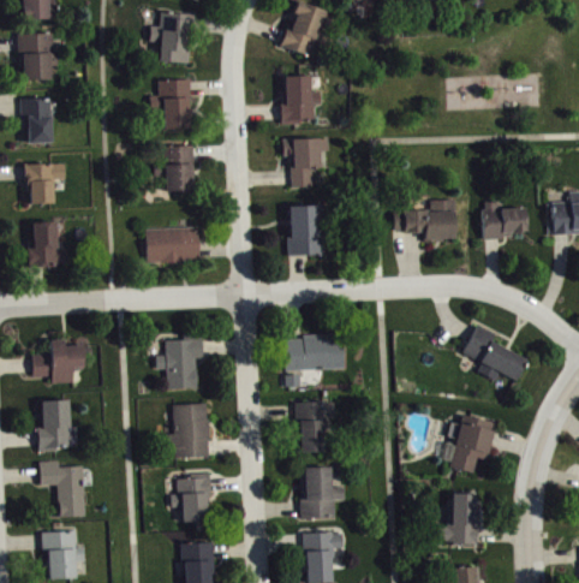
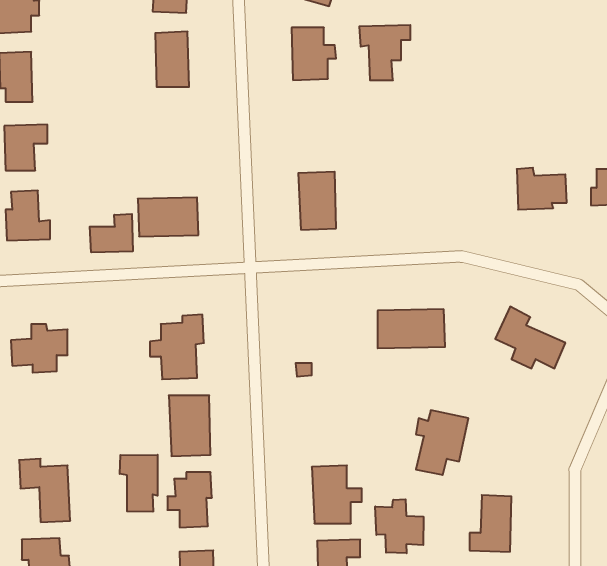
building: [283,137,329,186] -> [359,25,410,80]
building: [165,145,193,191] -> none
building: [394,200,455,242] -> none
building: none -> [90,214,133,252]
building: [285,335,345,370] -> [378,309,445,348]
building: [37,400,70,450] -> none
building: [299,401,335,452] -> none
building: [449,415,496,472] -> [416,410,468,475]
building: none -> [120,455,158,512]
building: none -> [375,499,423,553]

